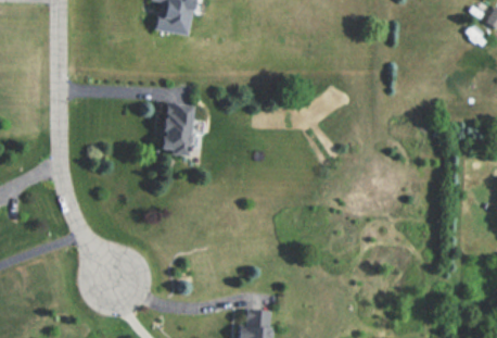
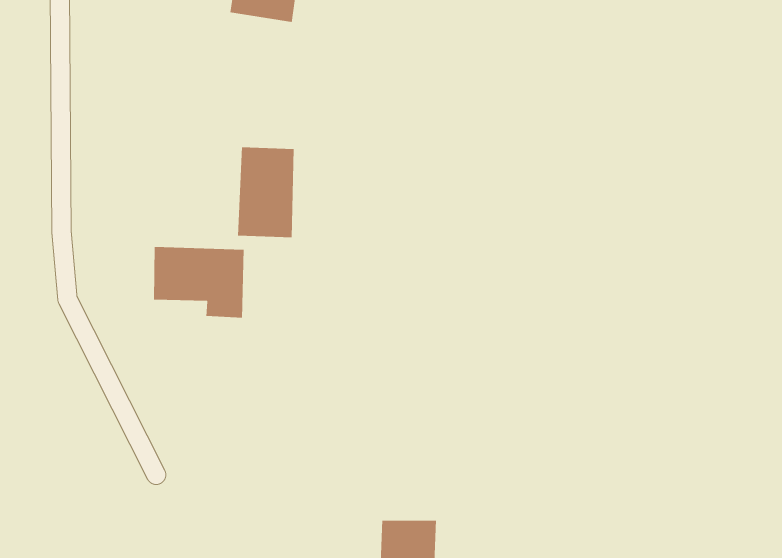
building: none -> [153,246,244,319]

